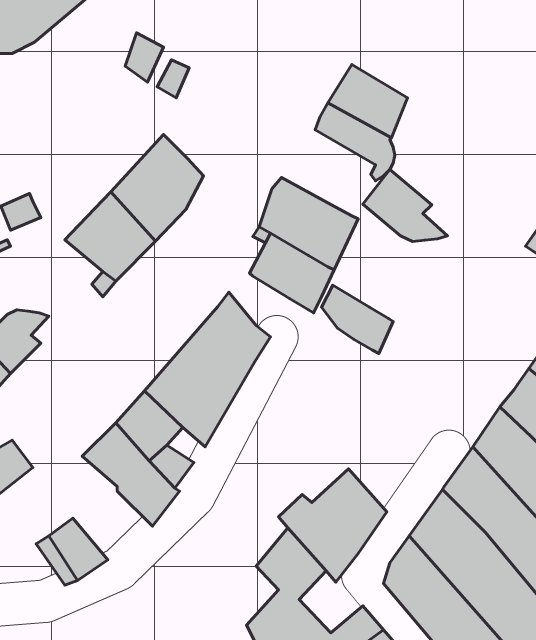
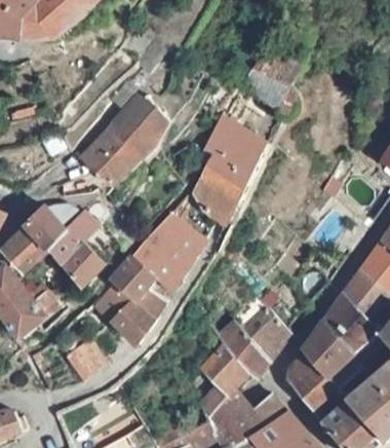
building: [363,170,448,242] -> none
building: [322,285,393,353] -> [194,183,240,227]
building: none -> [45,212,107,289]

